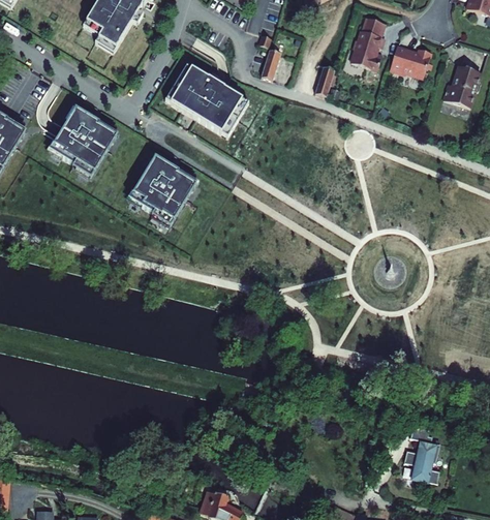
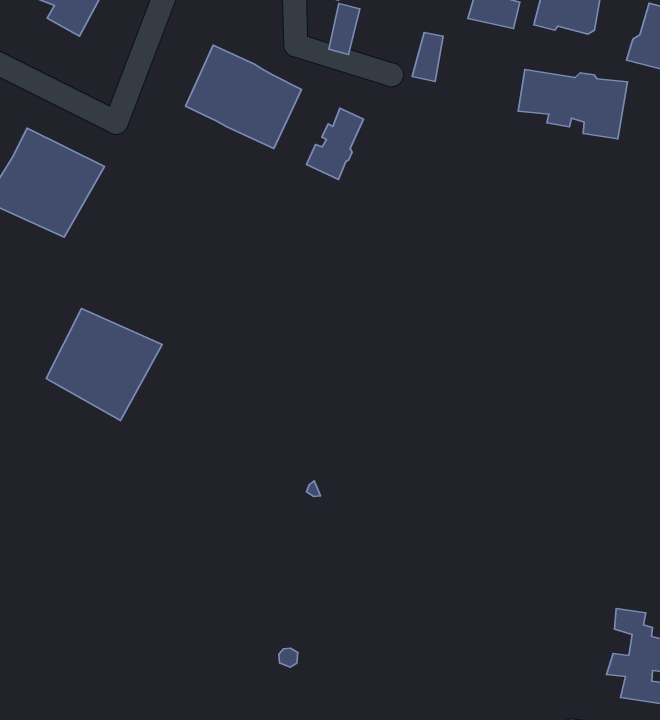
building: none -> [518,69,628,139]
building: none -> [306,108,364,180]
building: [132,155,204,224] -> [46,308,162,421]

